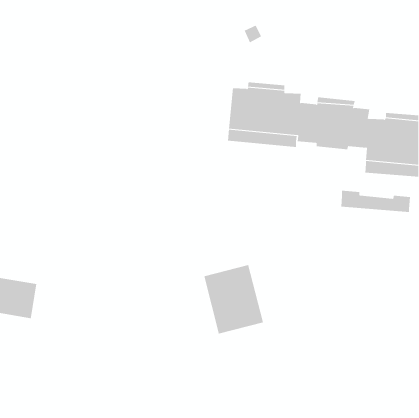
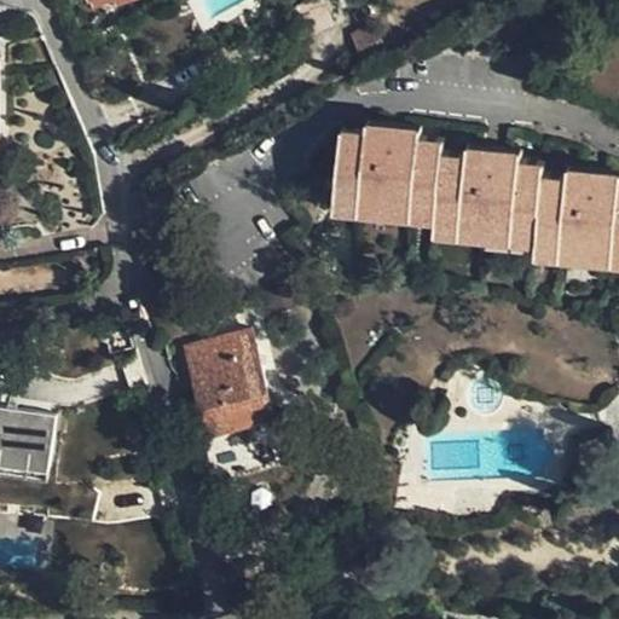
building: [340,190,411,212] -> [433,214,536,247]
building: [203,265,264,334] -> [181,336,270,438]

